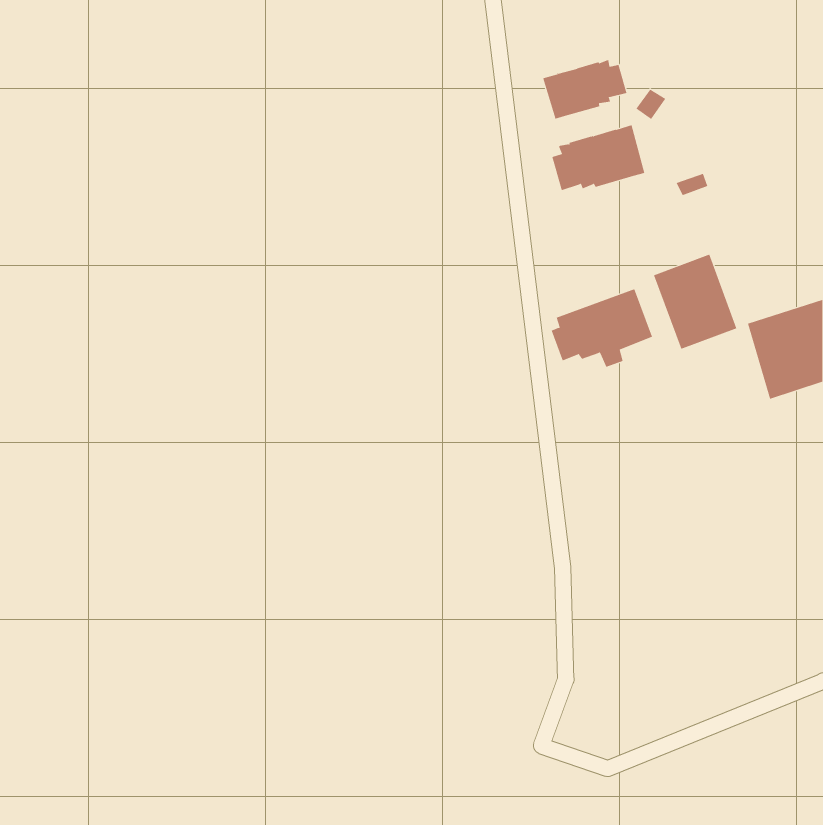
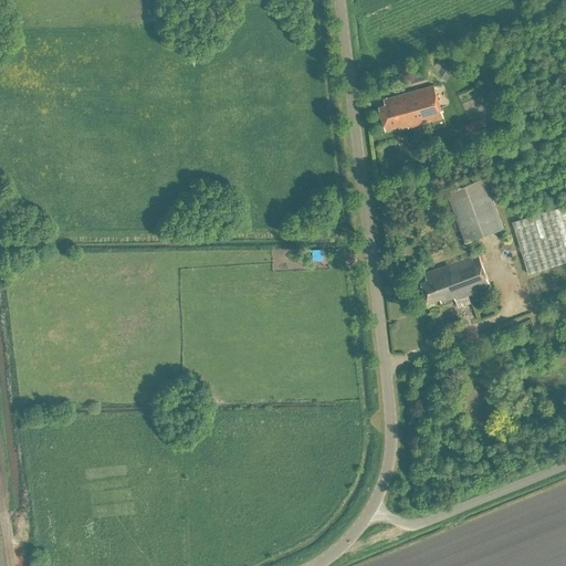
building: [542,59,627,119] -> none
building: [551,288,653,368] -> [419,254,489,308]

